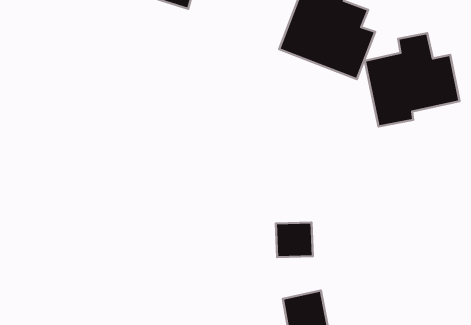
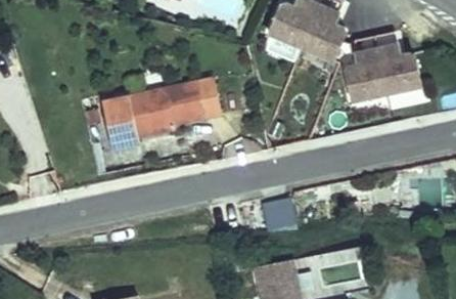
building: none -> [98,80,216,145]
building: none -> [307,254,357,283]

